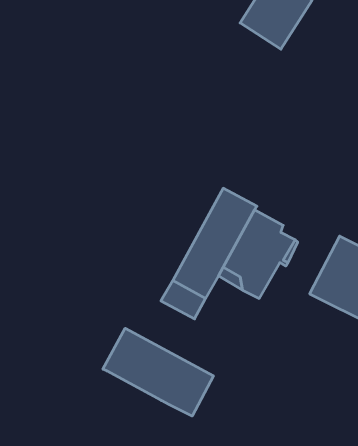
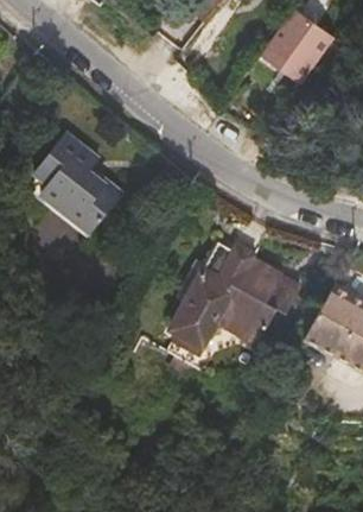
building: none -> [26,132,123,235]
building: [103,328,213,416] -> none

